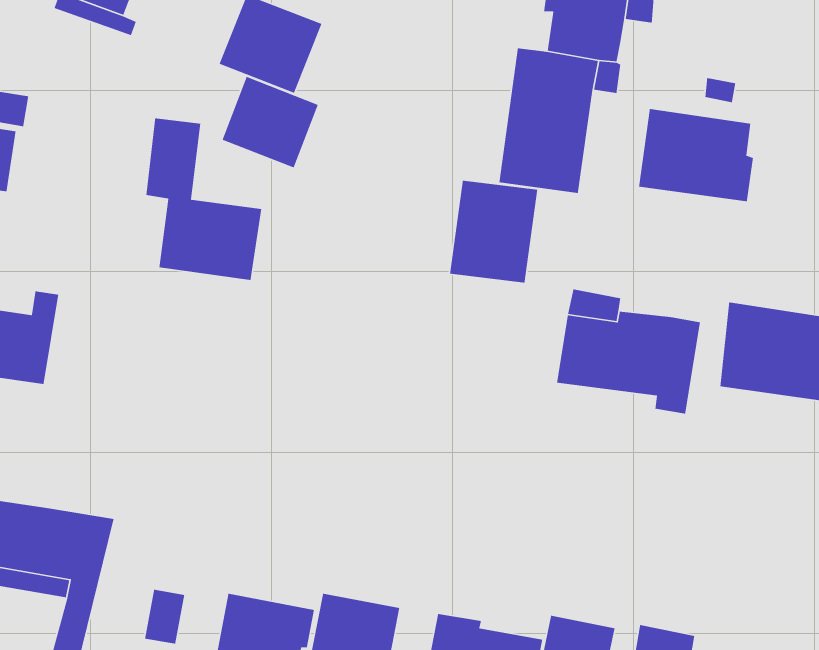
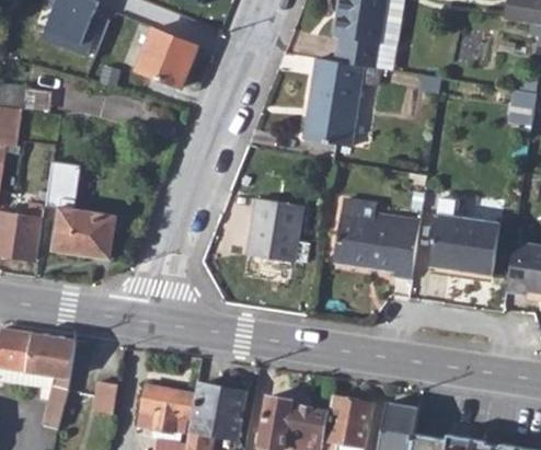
building: [221,76,319,169] -> none
building: [638,108,754,202] -> none
building: [145,118,262,281] -> [46,162,115,258]
building: [449,180,538,284] -> [250,201,302,263]

